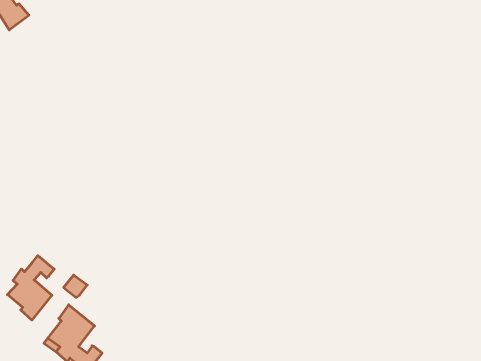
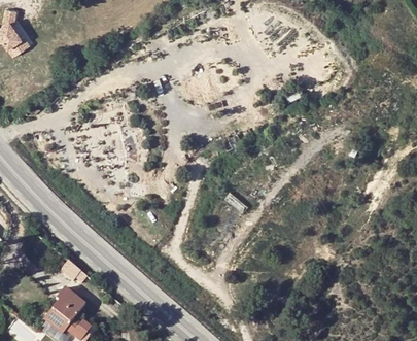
building: [7,256,54,320] -> none

